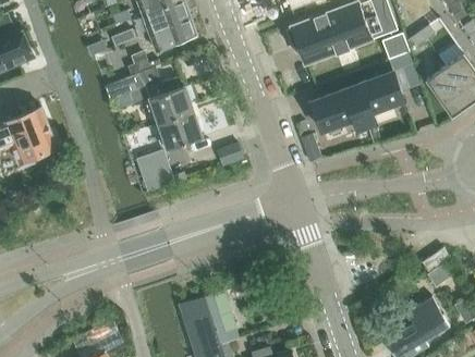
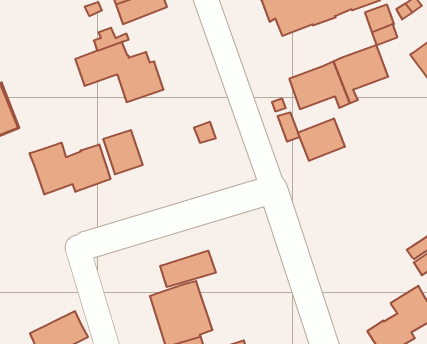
building: [158,113,202,150] -> none
building: none -> [298,118,345,161]
building: none -> [30,143,110,195]
building: none -> [160,251,216,287]

